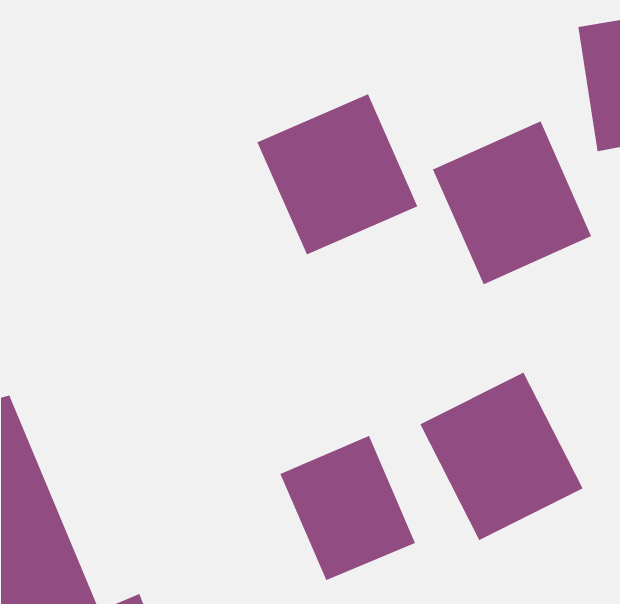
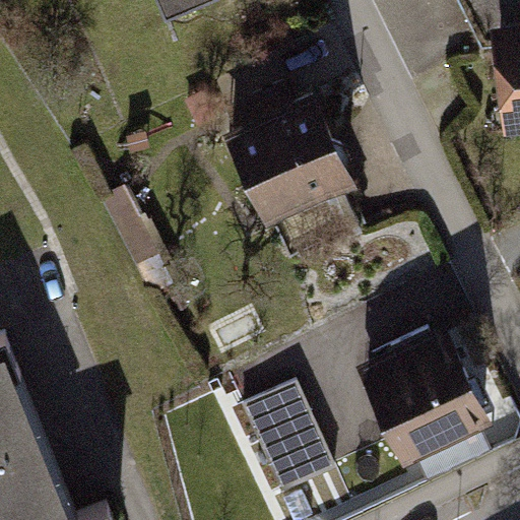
building: [432,121,592,285] -> none

